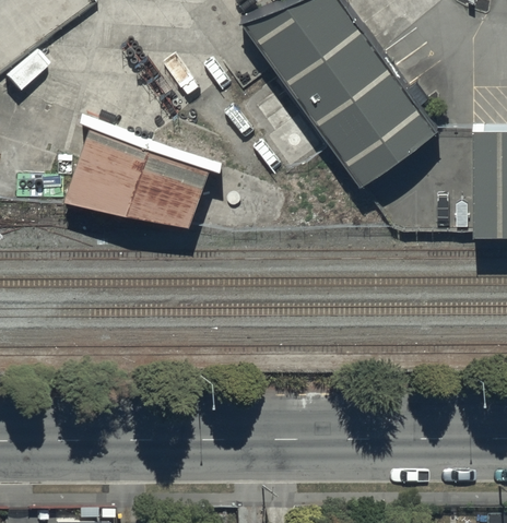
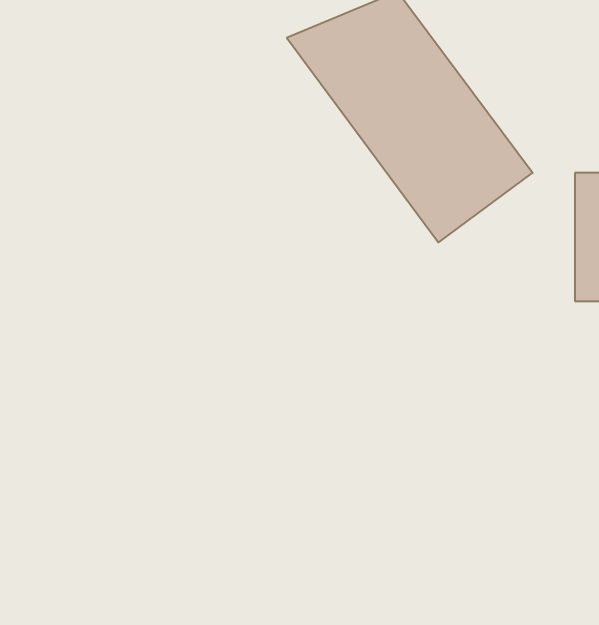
building: [60,123,207,223] -> none

